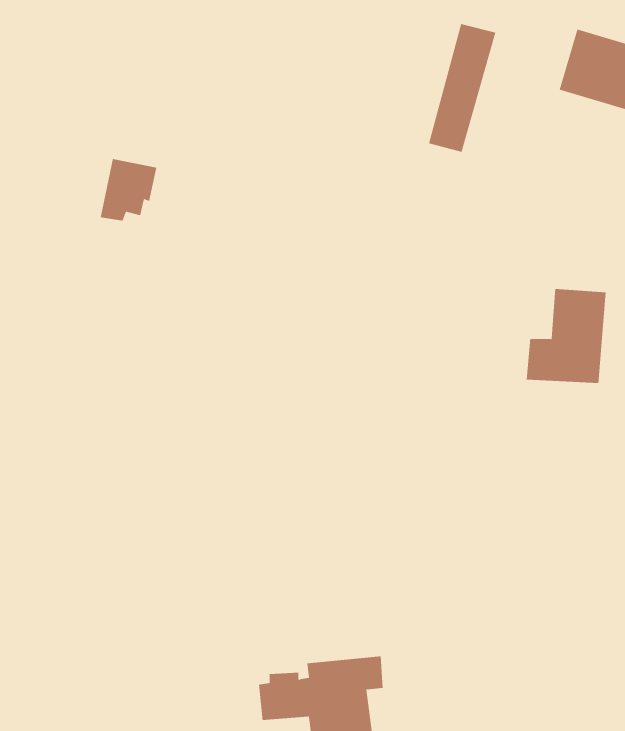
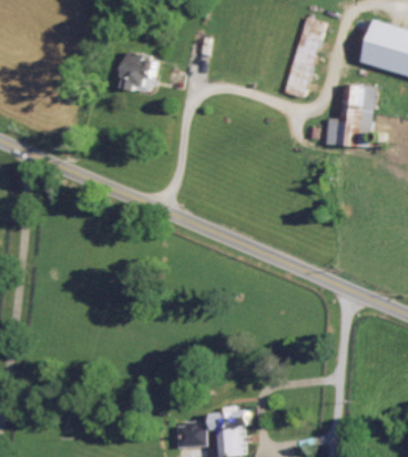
building: [100,158,157,221] -> [122,52,157,91]
building: [526,288,606,383] -> [325,86,375,145]

